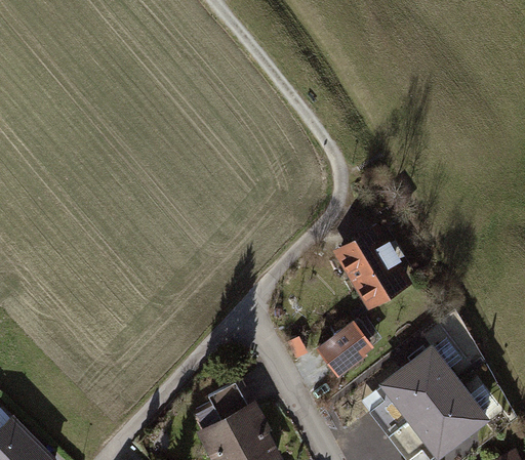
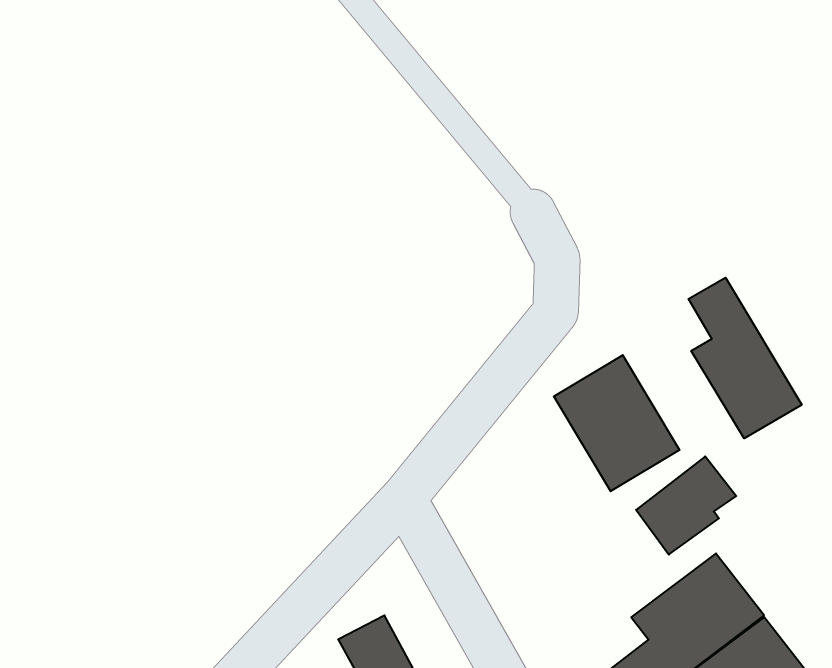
building: none -> [688,278,802,438]
building: [316,319,375,377] -> [636,456,736,555]

